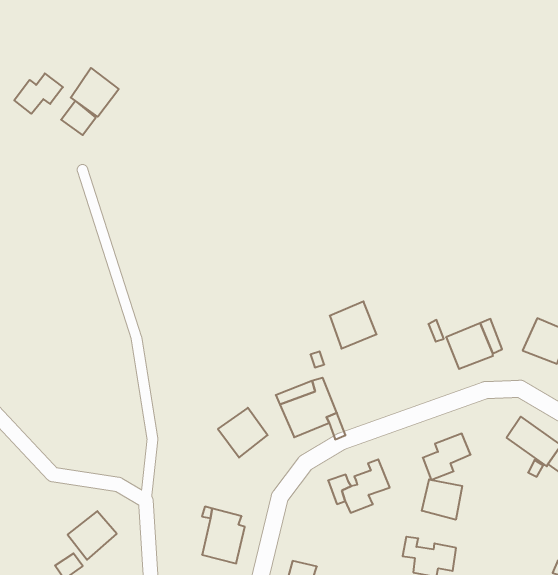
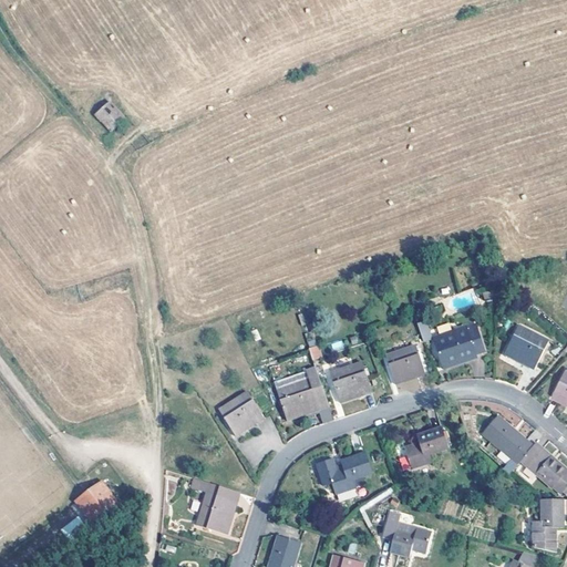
building: [71,68,119,117] -> none
building: [14,73,63,114] -> none
building: [330,301,377,349] -> [330,361,372,403]
building: none -> [385,346,425,384]
building: [422,479,462,520] -> none

